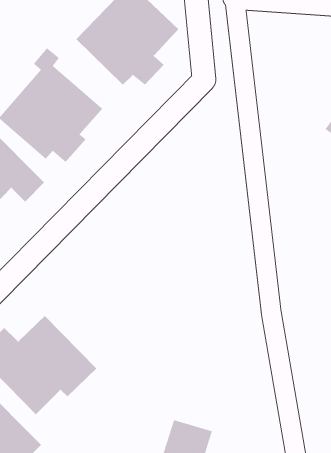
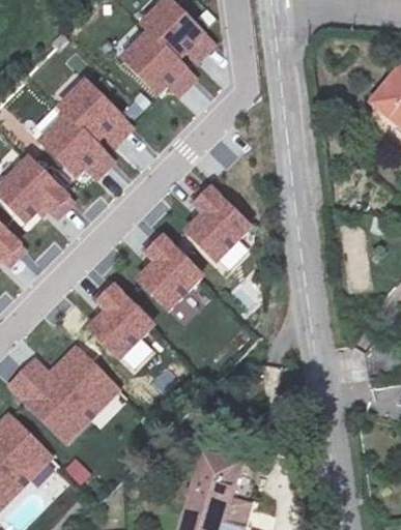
building: none -> [178,179,253,263]
building: none -> [131,228,204,311]
building: none -> [82,276,156,372]

